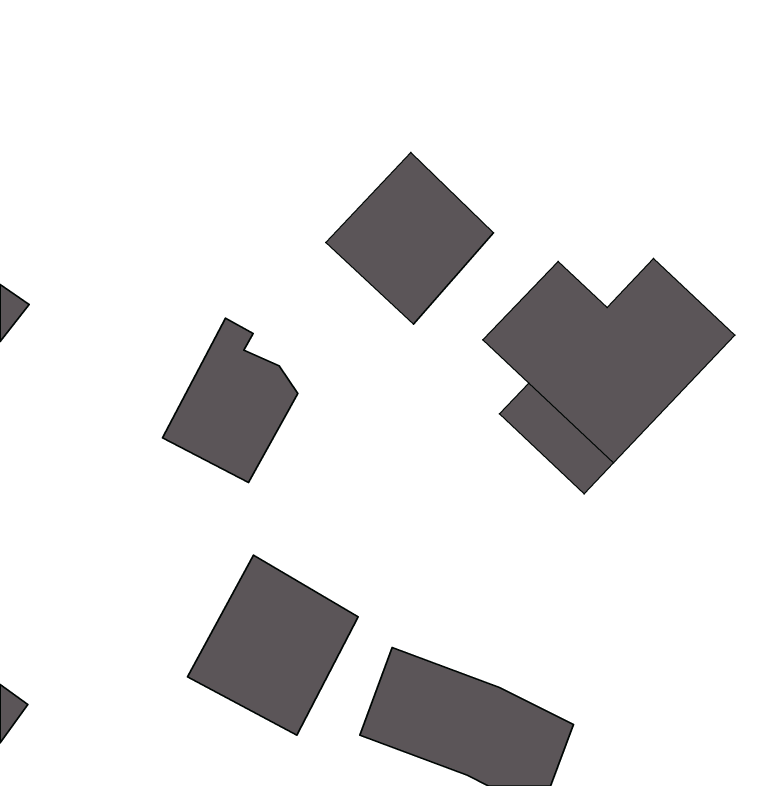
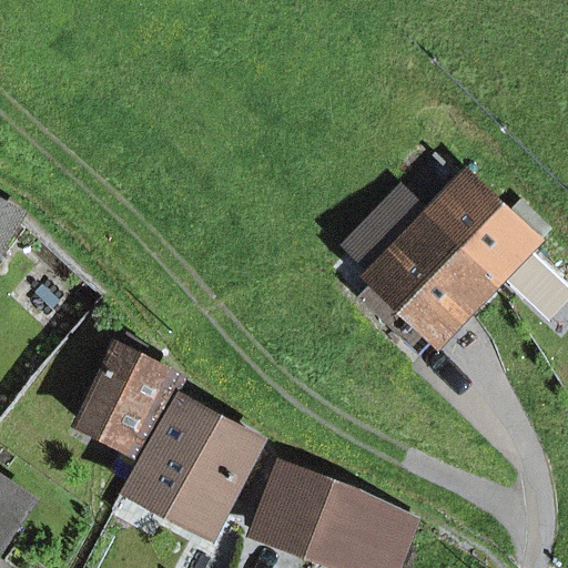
building: [326,153,493,324] -> none
building: [162,318,298,483] -> [84,337,182,456]

